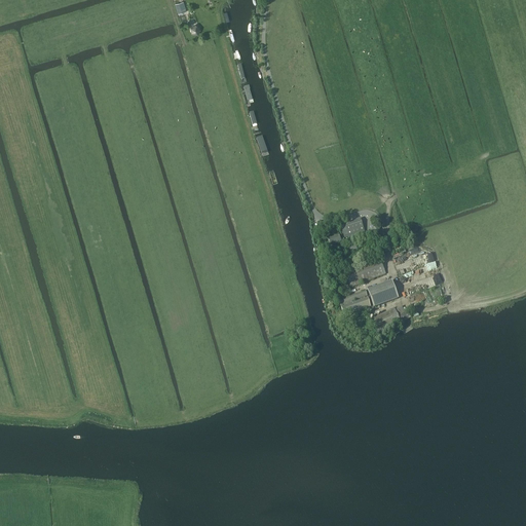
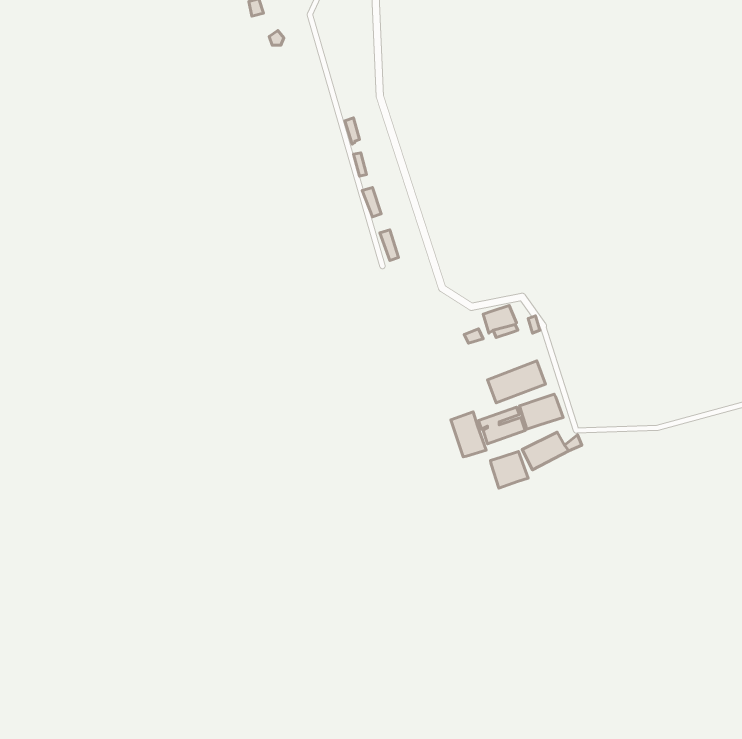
building: none -> [451,412,486,457]
building: none -> [490,451,528,488]

